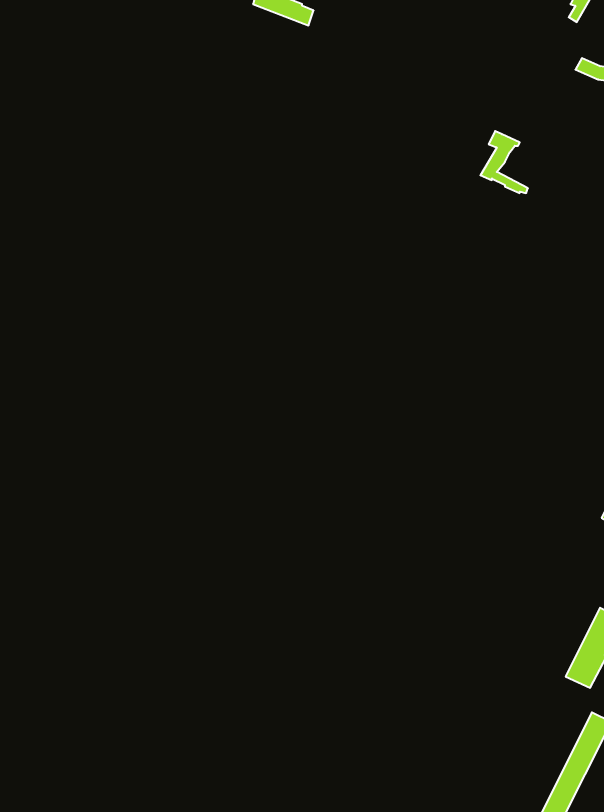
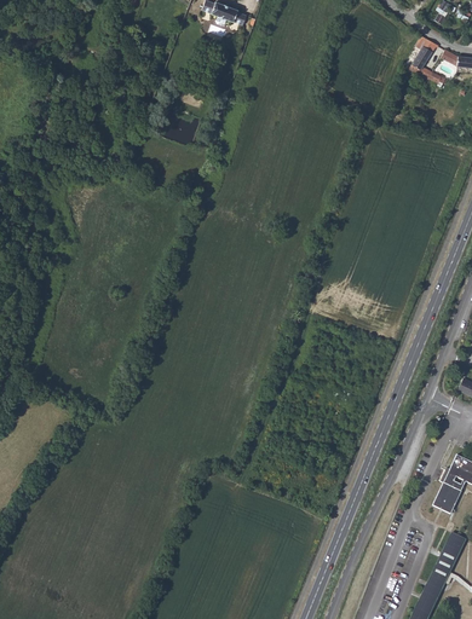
building: [480,131,528,193] -> [409,35,444,81]

